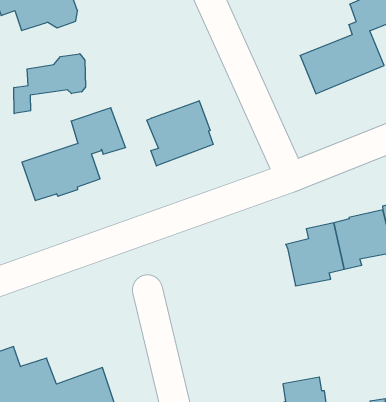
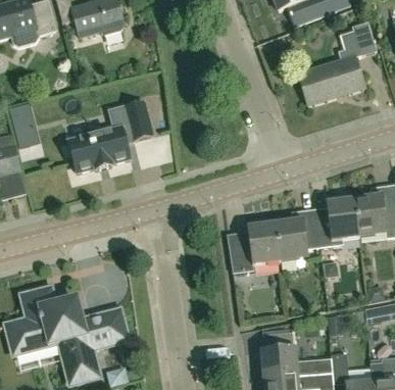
building: [14,54,85,114] -> none
building: [147,101,213,166] -> none
building: none -> [235,226,281,271]

